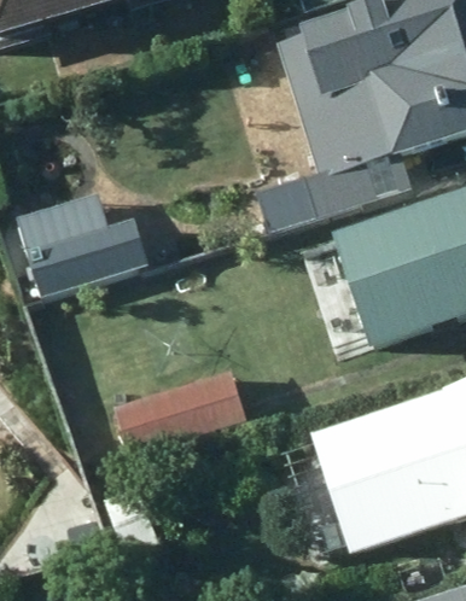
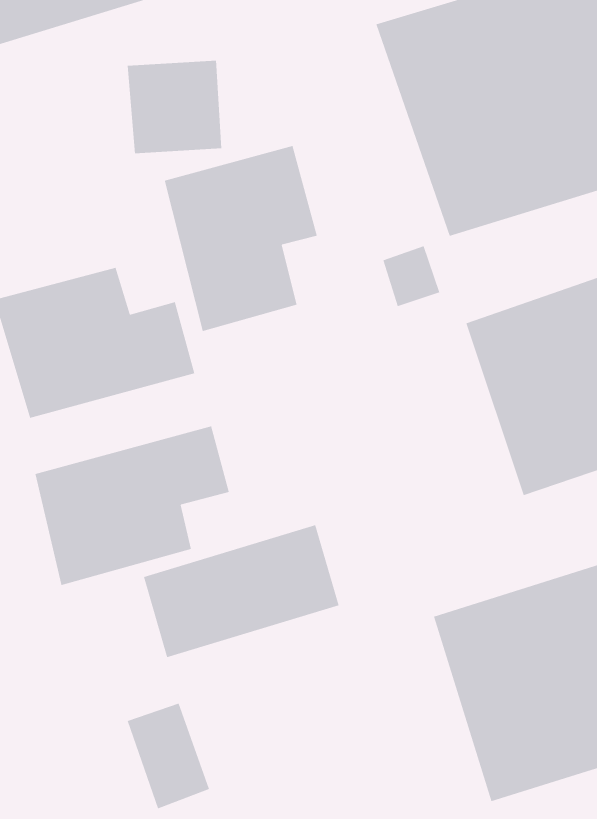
building: none -> [164,145,317,332]
building: none -> [35,425,229,586]

